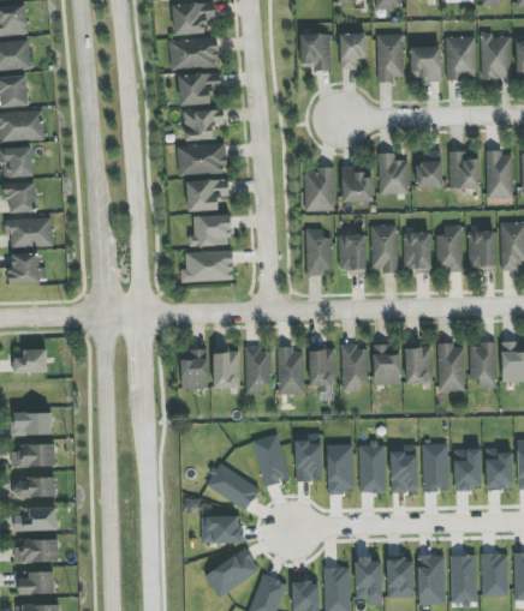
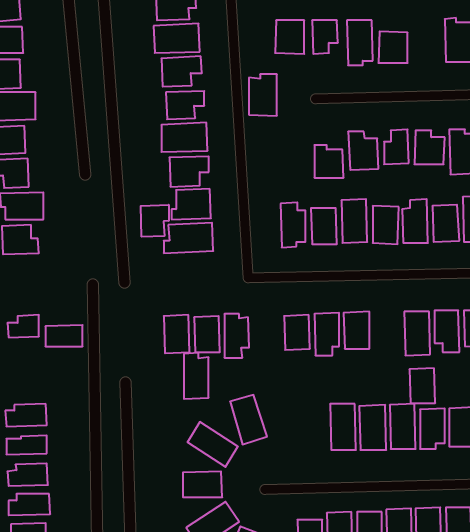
building: [446,36,476,79] -> none
building: [304,167,334,211] -> [249,74,277,116]
building: none -> [141,205,169,237]
building: [278,346,304,395] -> [184,353,209,399]
building: [405,346,433,383] -> [409,368,435,403]
building: [12,412,52,435] -> [45,325,83,346]
building: [294,433,322,480] -> none
building: [327,444,353,493] -> none

